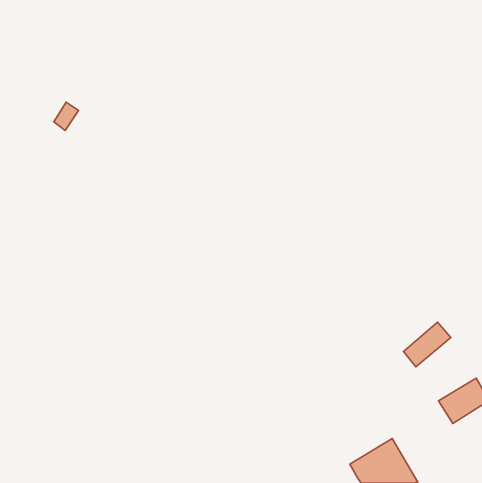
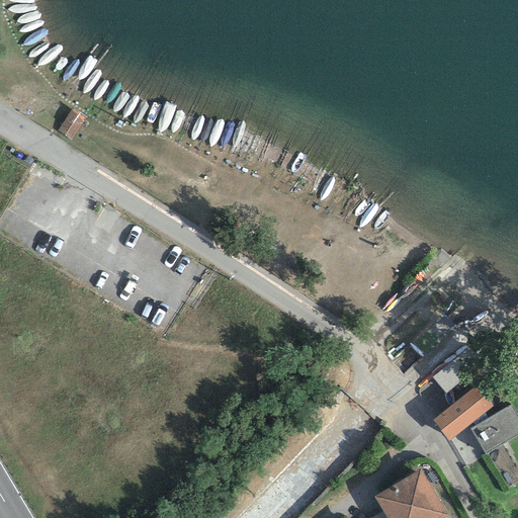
building: none -> [433,386,493,440]

